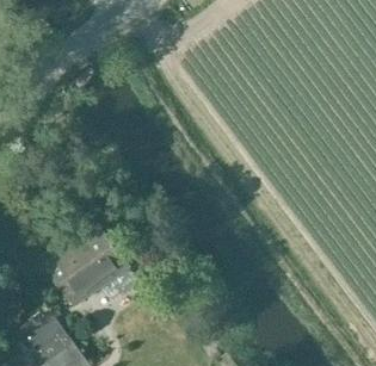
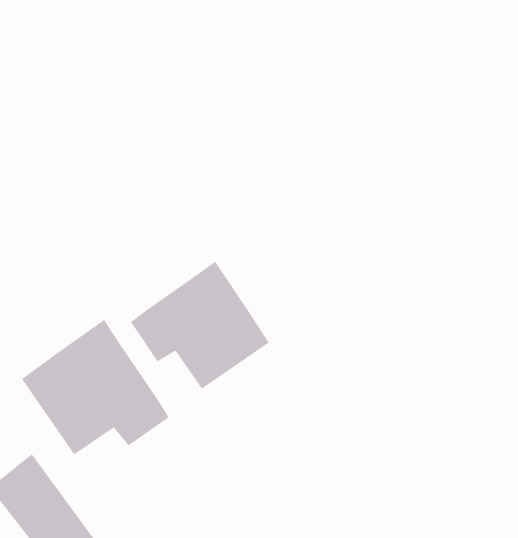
building: none -> [130,261,270,390]

